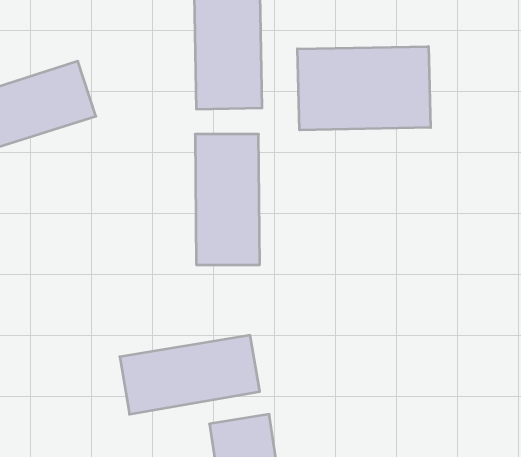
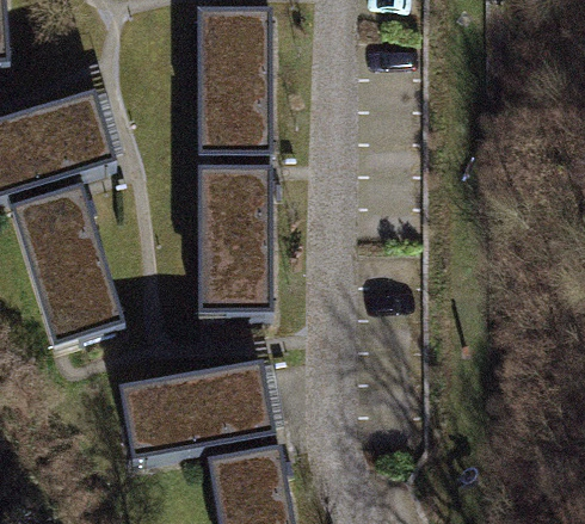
building: [297,46,431,130] -> none
building: none -> [19,191,116,333]

